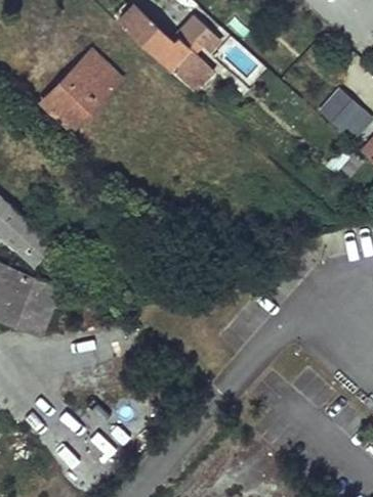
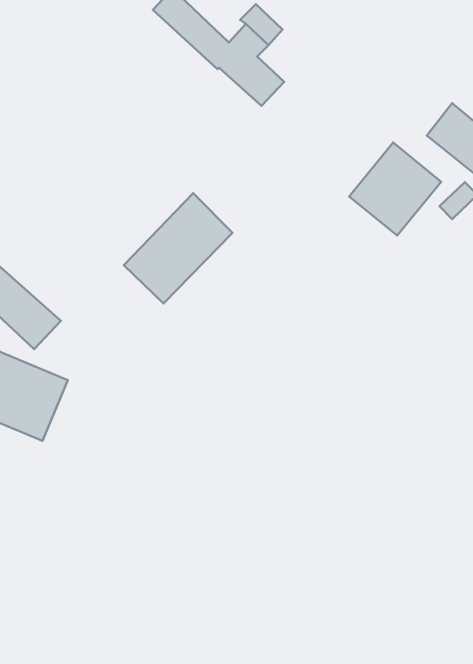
building: [42,51,121,131] -> [124,193,233,303]
building: none -> [349,143,441,236]

